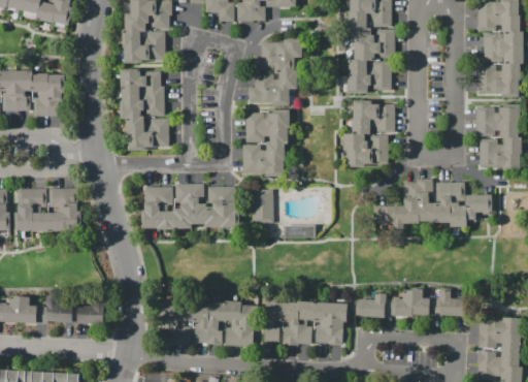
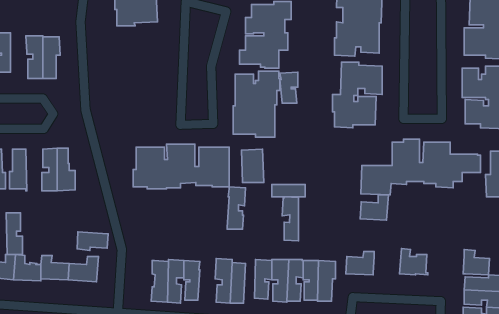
building: [120,68,169,151] -> none
building: [15,70,32,110] -> none
building: none -> [280,72,298,103]
building: [31,189,47,231] -> [6,213,22,254]
building: none -> [282,197,298,241]
building: none -> [77,232,108,250]
building: [385,290,414,316] -> [360,195,388,220]
building: [438,290,465,316] -> [463,249,490,275]
building: [206,301,225,345] -> [227,187,245,229]

